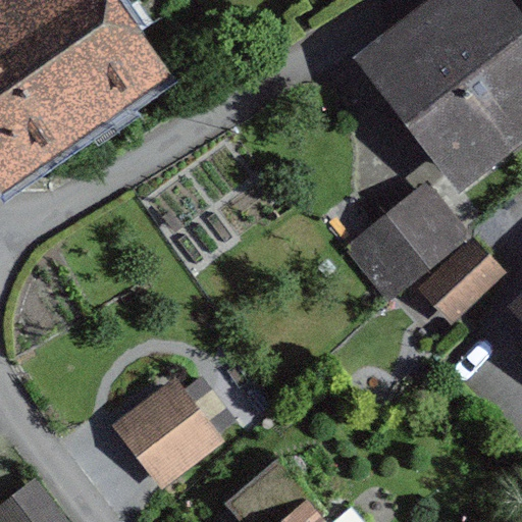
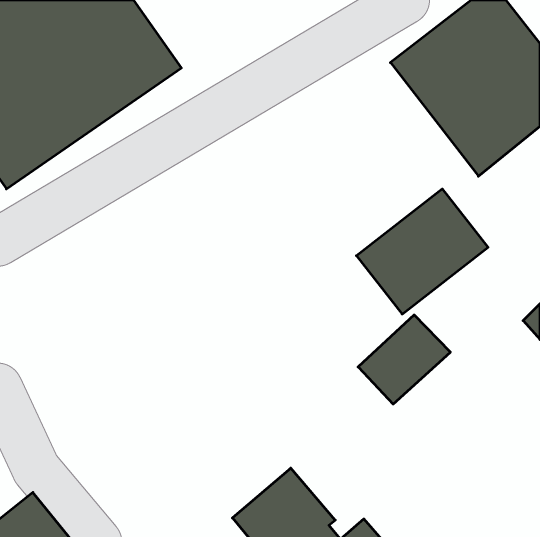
building: [415,243,504,328] -> [358,315,450,404]
building: [109,373,238,490] -> none

